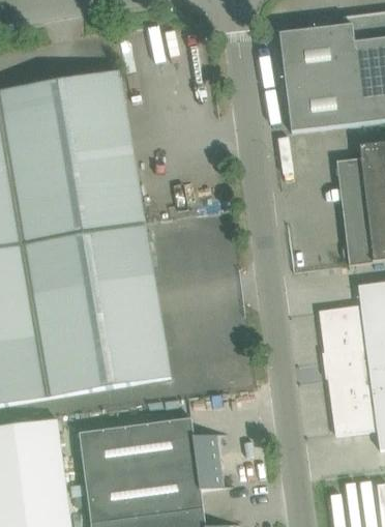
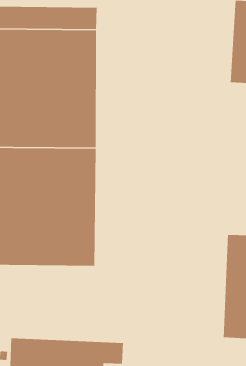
building: [79,418,227,478] -> none

